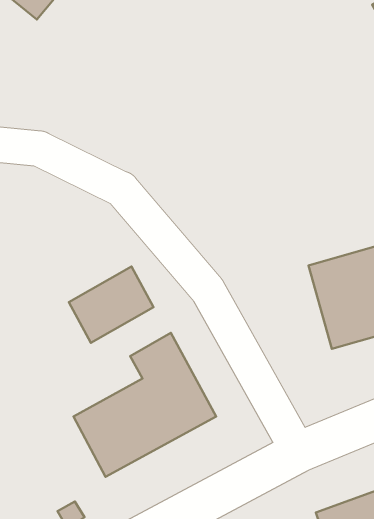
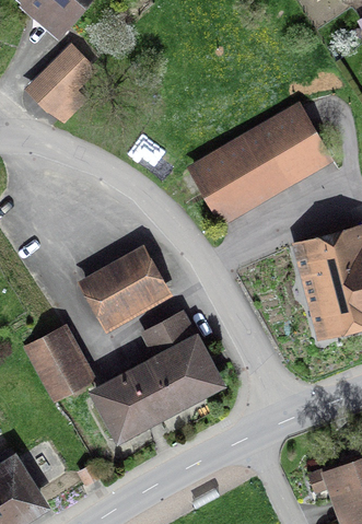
building: none -> [33,54,92,112]
building: none -> [196,112,327,221]
building: none -> [32,334,89,394]

